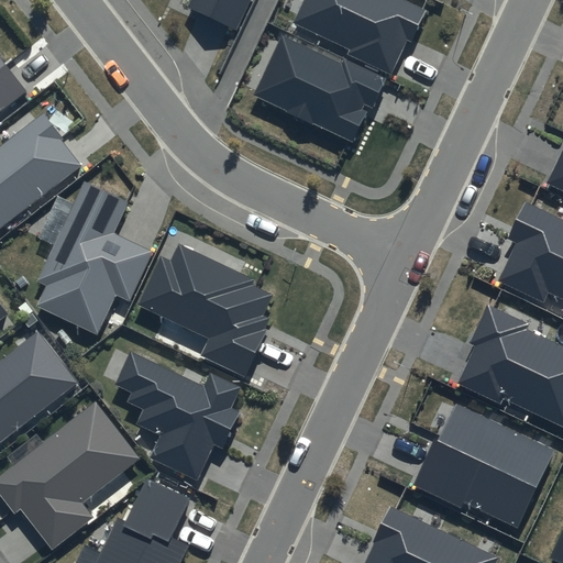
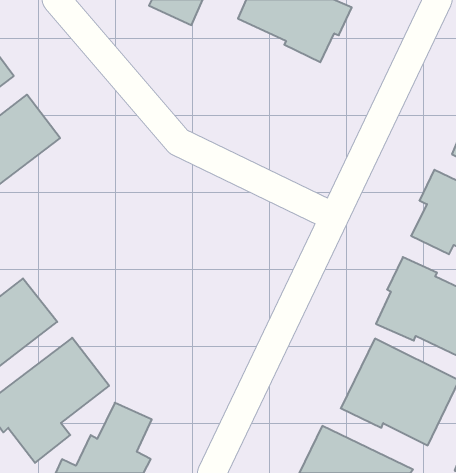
building: [253,35,387,142] -> none
building: [35,180,153,335] -> none
building: [136,243,274,376] -> none
building: [117,353,242,482] -> none

